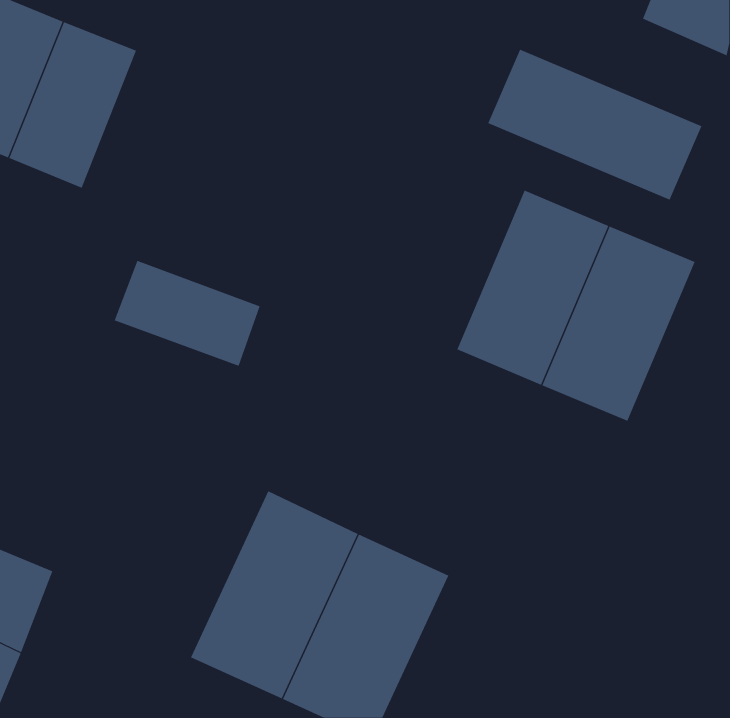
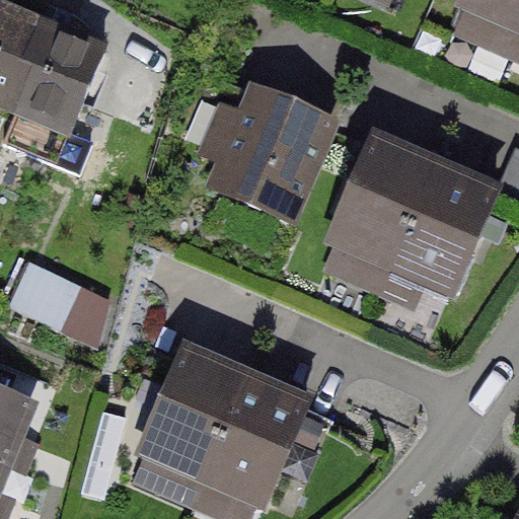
building: [488,49,702,201] -> none
building: none -> [205,84,340,231]
building: [114,260,261,367] -> [12,252,116,327]

